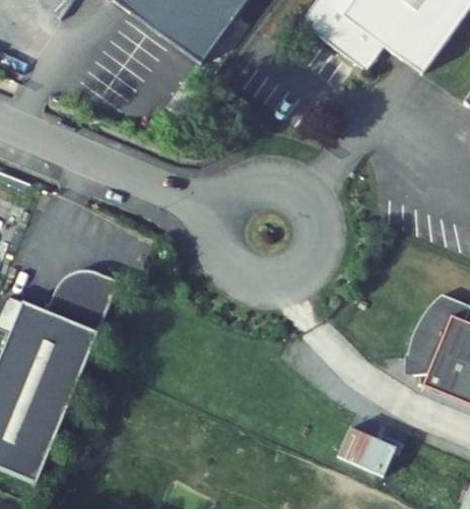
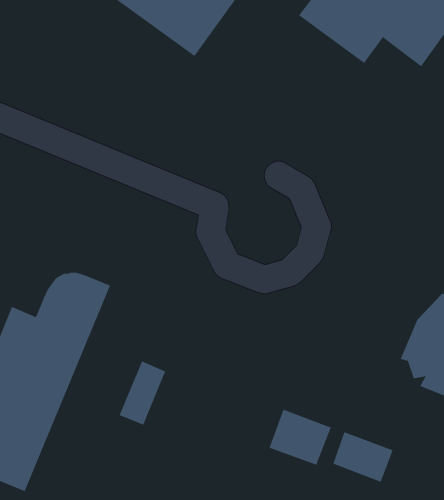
building: none -> [119,361,166,425]
building: none -> [269,409,332,465]

